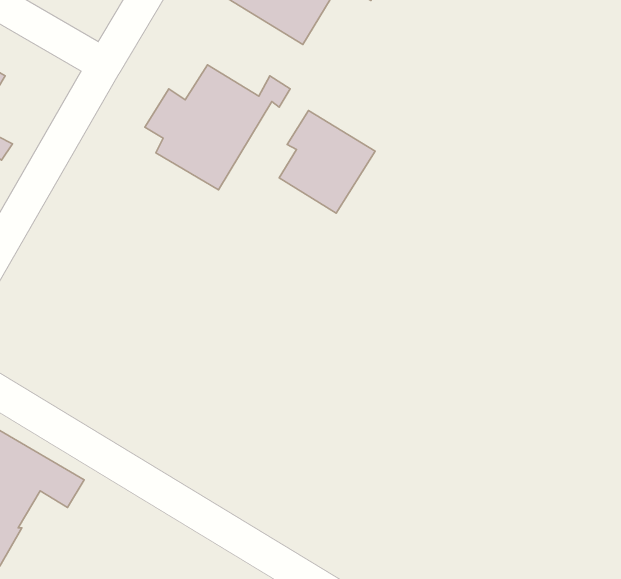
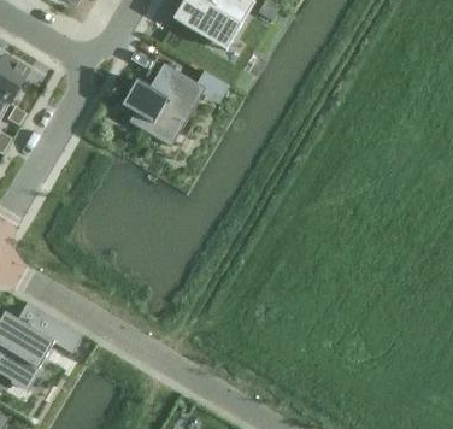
building: [279,110,375,213] -> none

